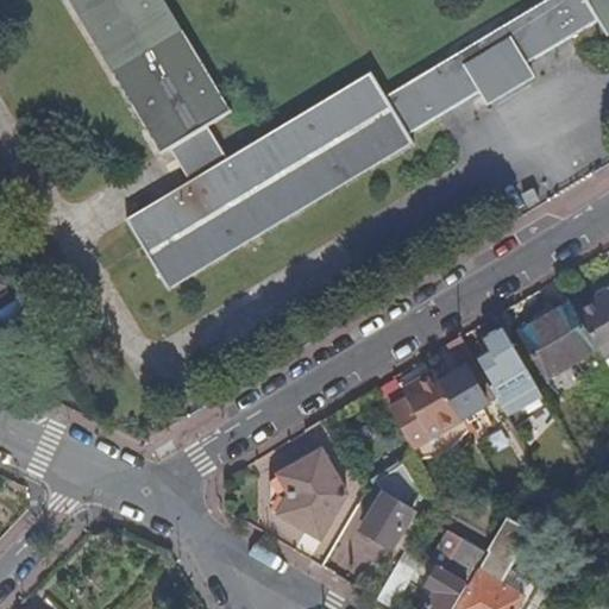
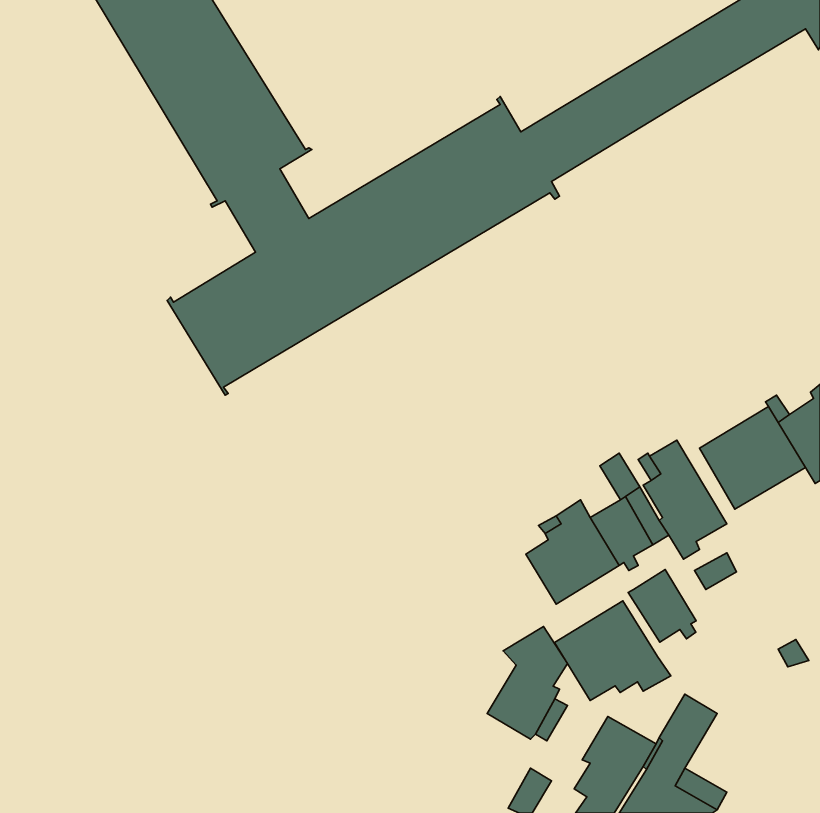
building: none -> [628,570,696,642]
building: none -> [555,601,671,700]
building: [269,452,345,539] -> none

